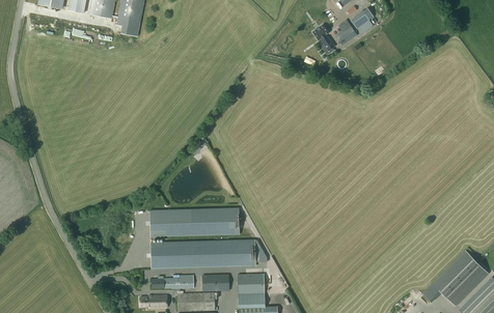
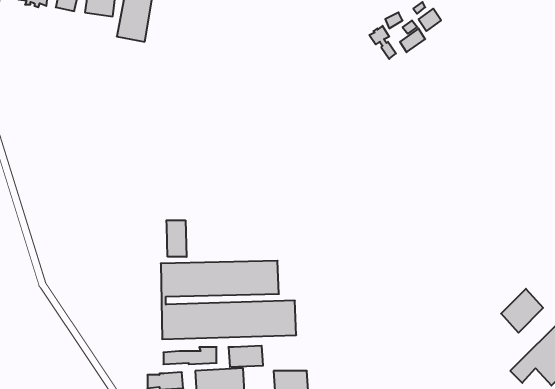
building: none -> [166,220,187,257]
building: none -> [501,289,543,333]
building: [238,273,264,293] -> none

